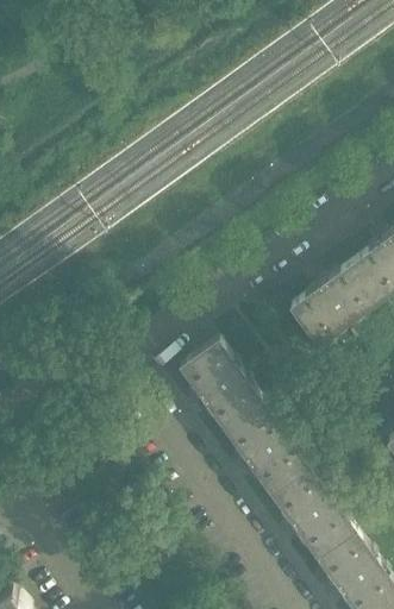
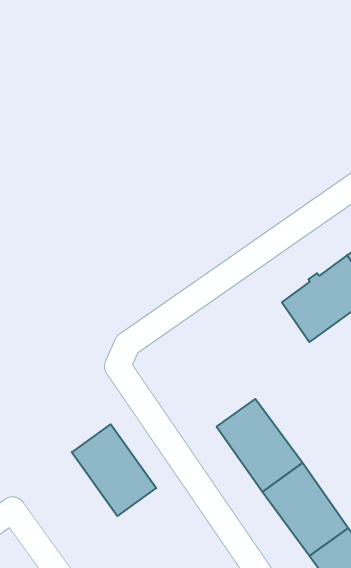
building: [181,339,264,429] -> [72,424,156,516]

